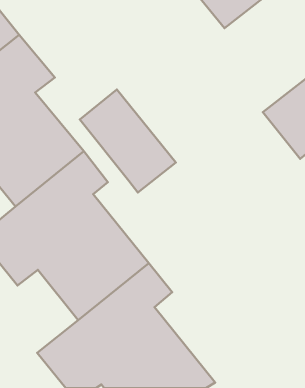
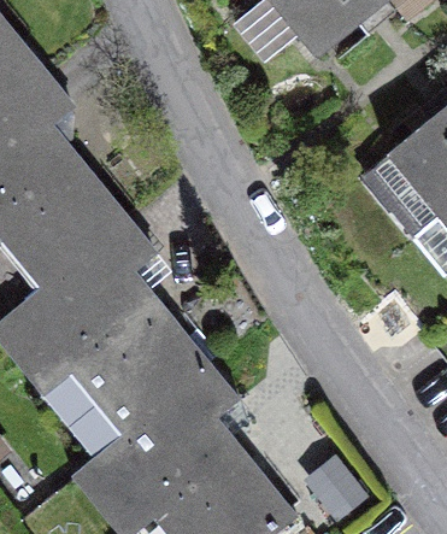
building: [80,89,176,192] -> none

